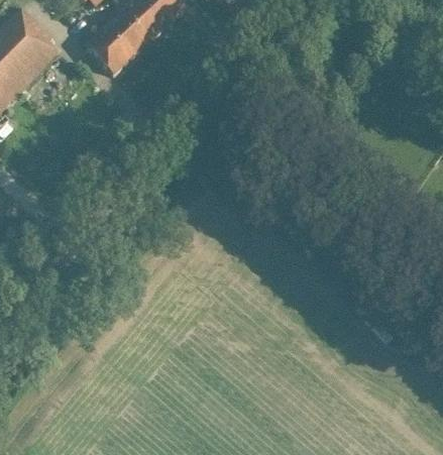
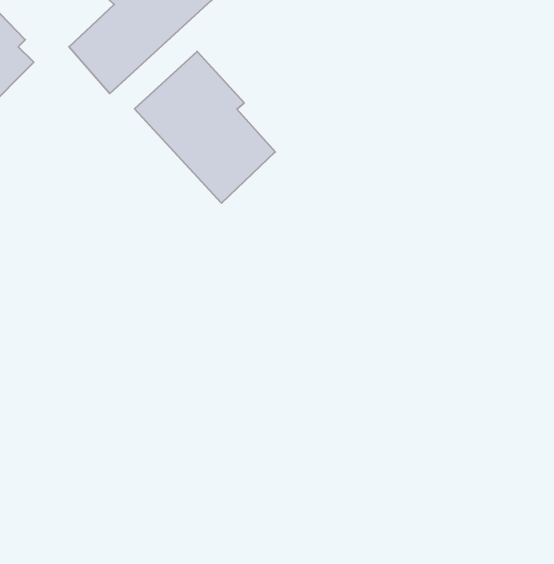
building: none -> [135,51,275,203]

